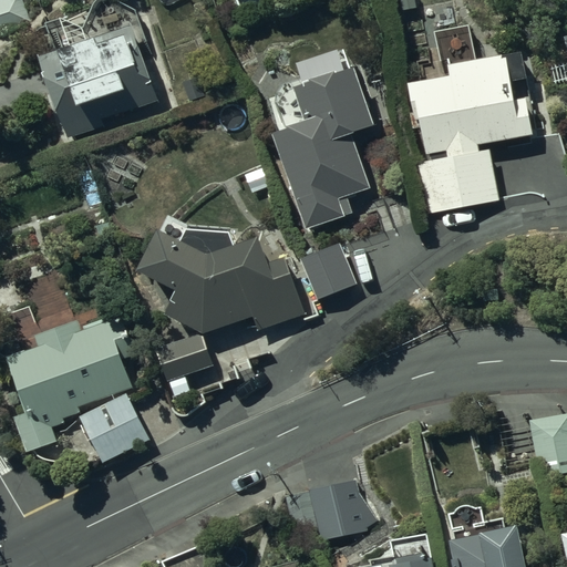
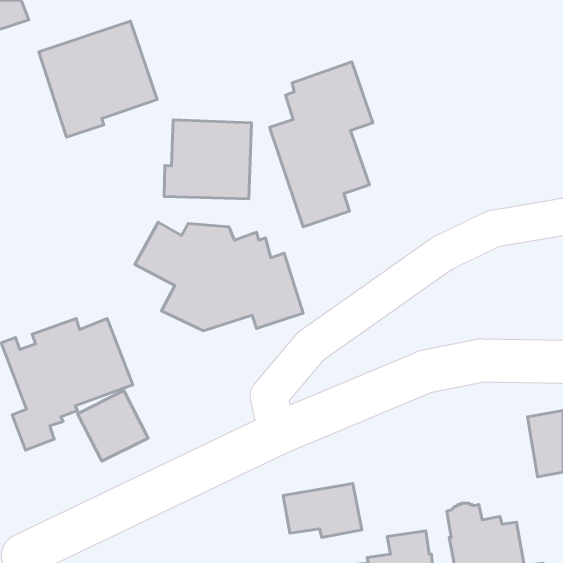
building: [405,49,533,214] -> none
building: none -> [164,120,252,199]
building: [297,246,359,306] -> none
building: [154,333,212,383] -> none

